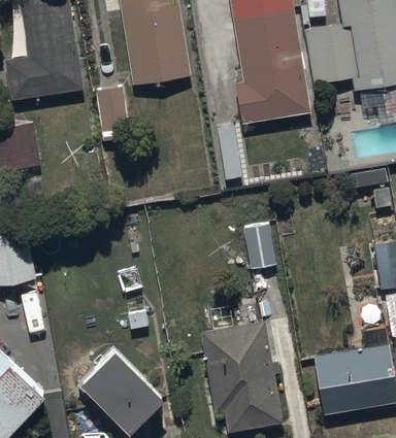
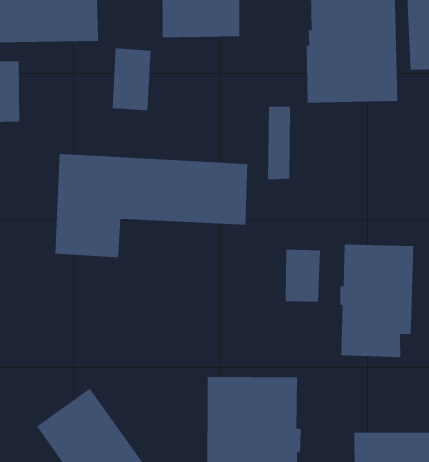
building: none -> [55,153,248,258]
building: none -> [340,244,414,358]

